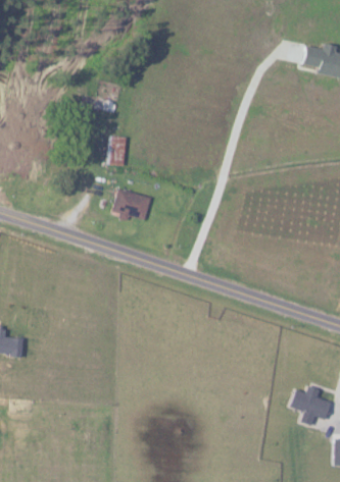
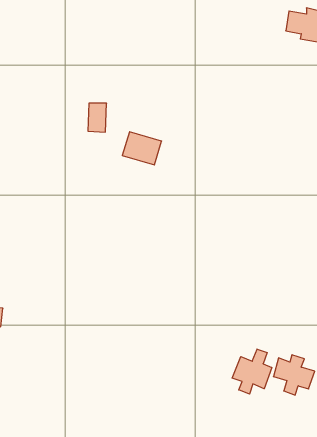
building: [112,190,151,222] -> [122,132,162,165]
building: none -> [232,349,272,394]

